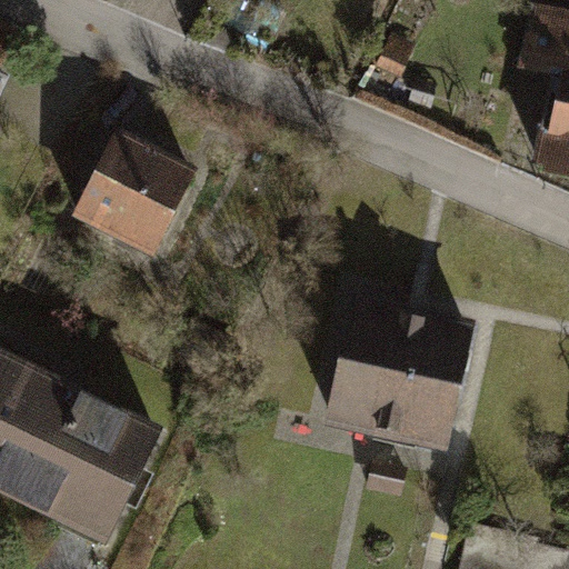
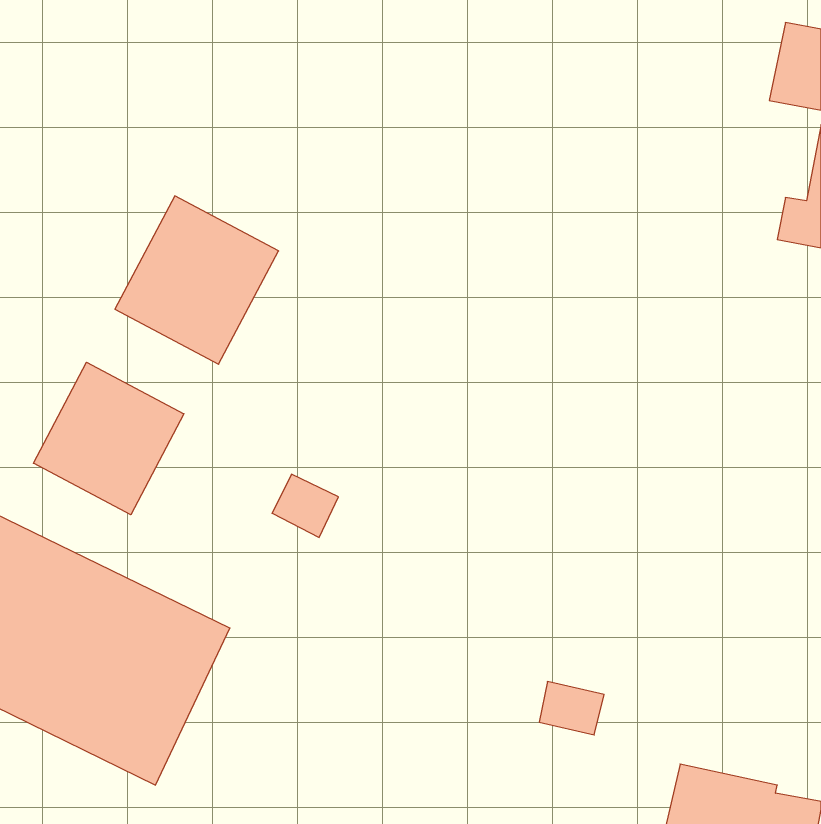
building: none -> [33,362,184,515]
building: [329,309,466,446] -> none

